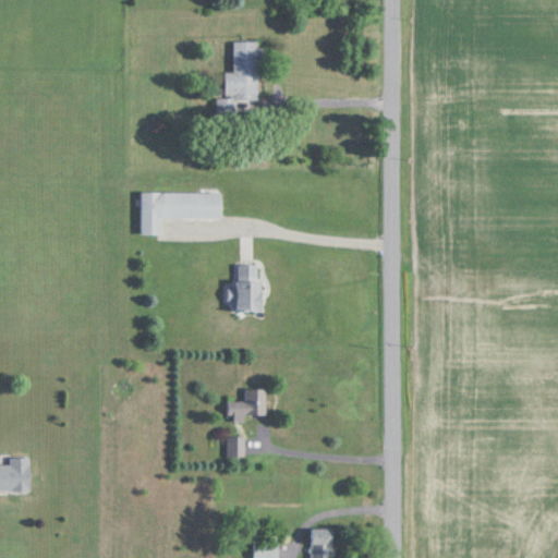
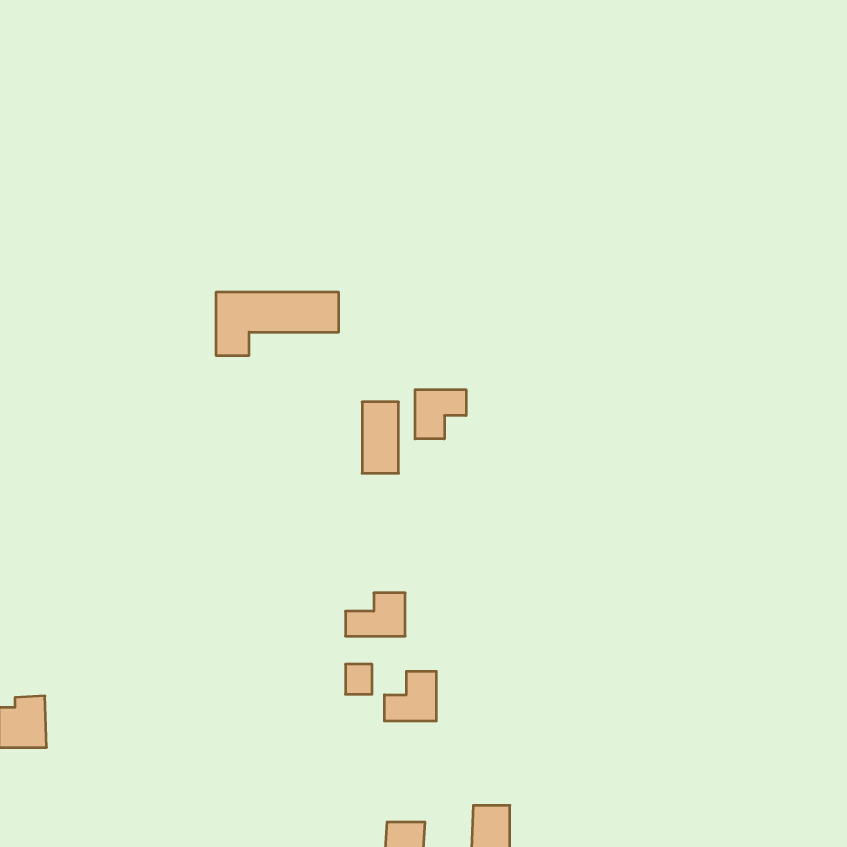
building: [225,41,257,98] -> none
building: none -> [415,390,466,439]
building: none -> [384,671,436,721]

